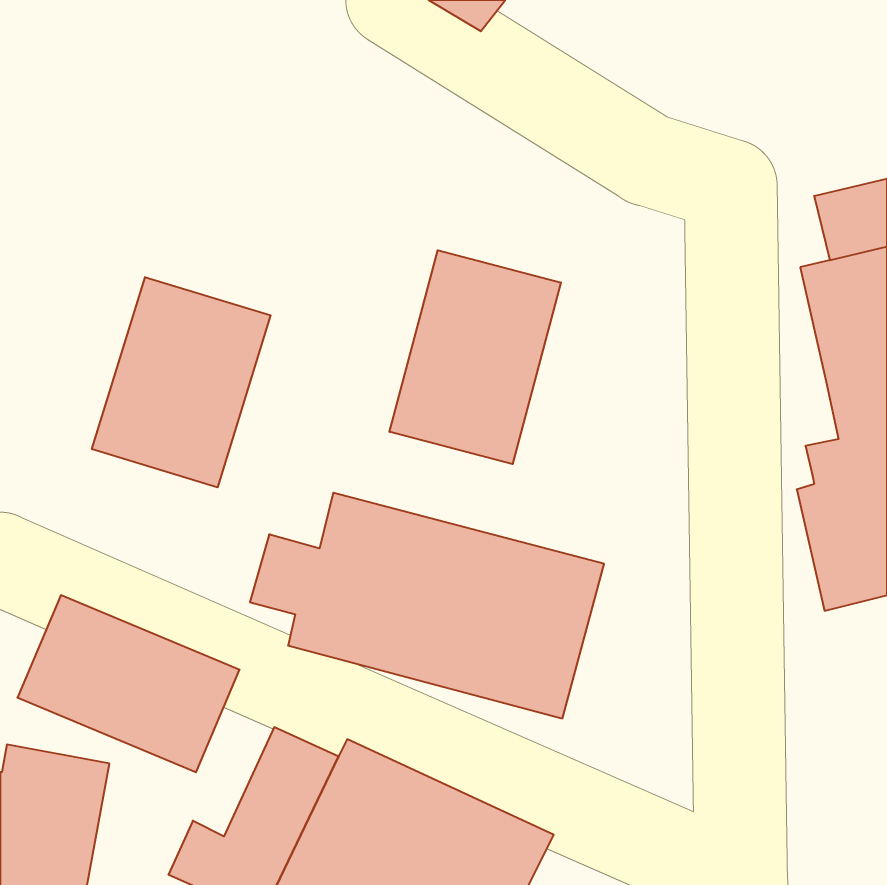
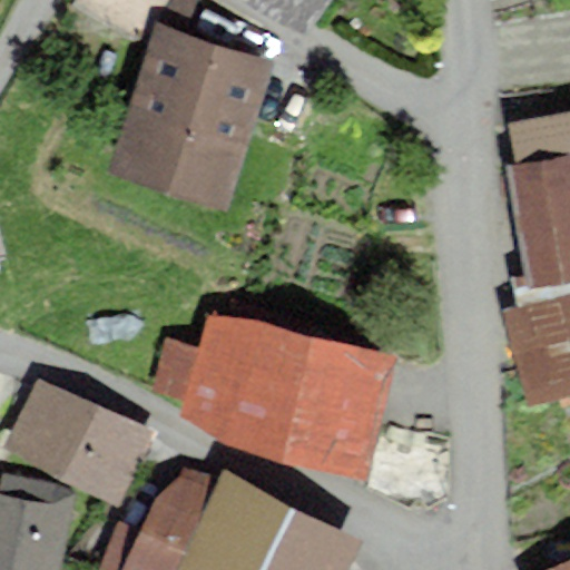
building: none -> [118,32,265,200]
building: [389,250,561,464] -> none
building: [92,277,271,487] -> none

